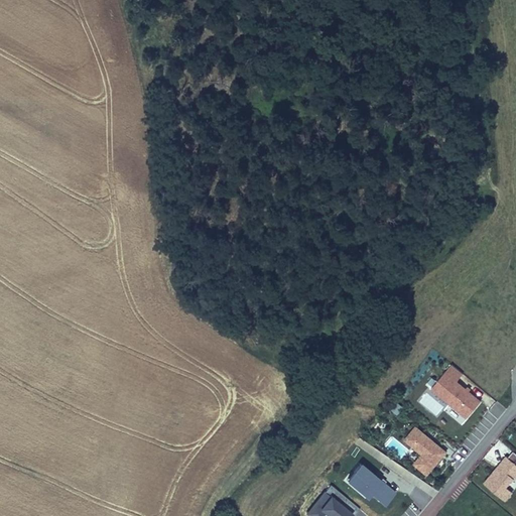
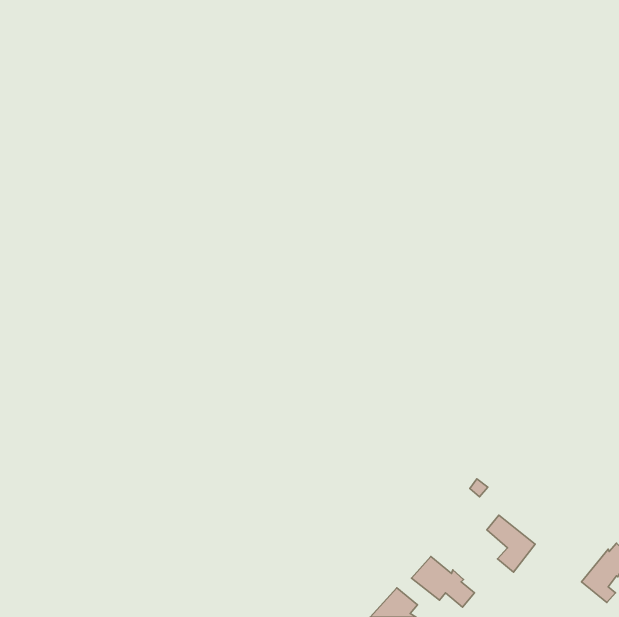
building: [433,367,481,419] -> none

